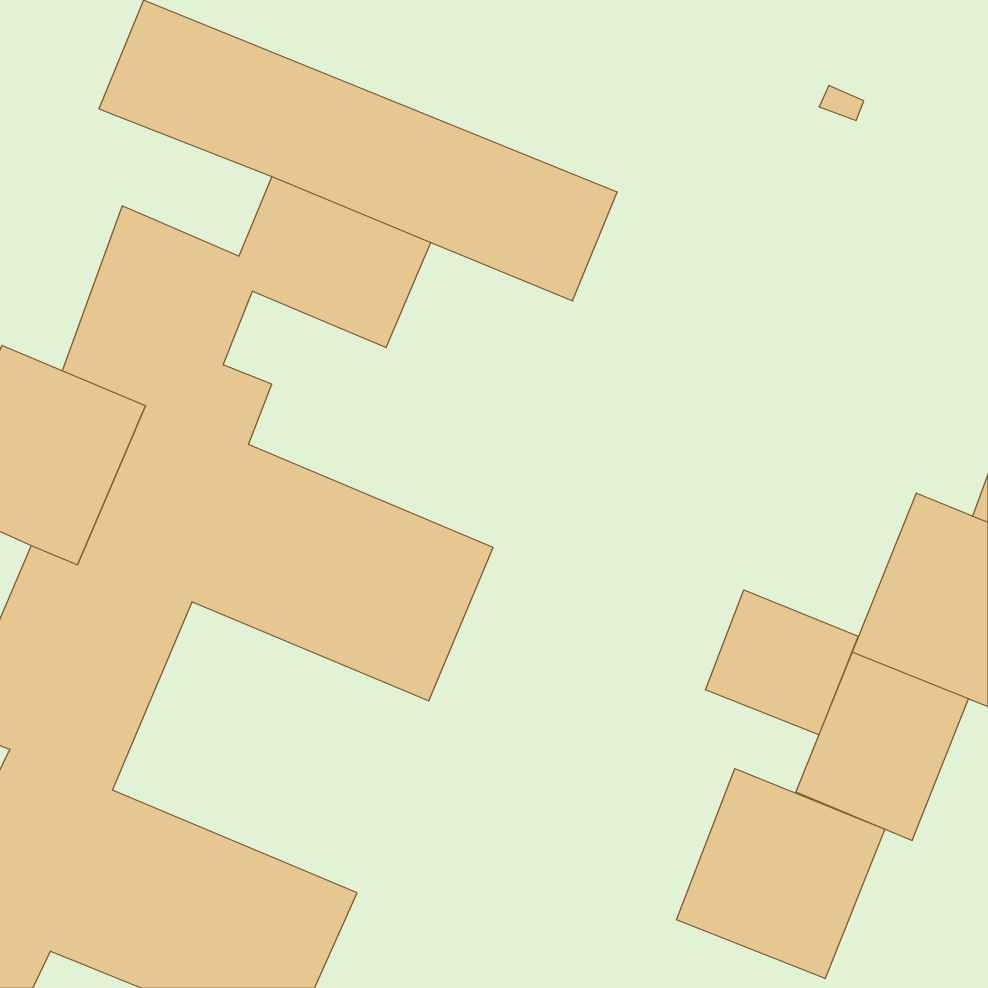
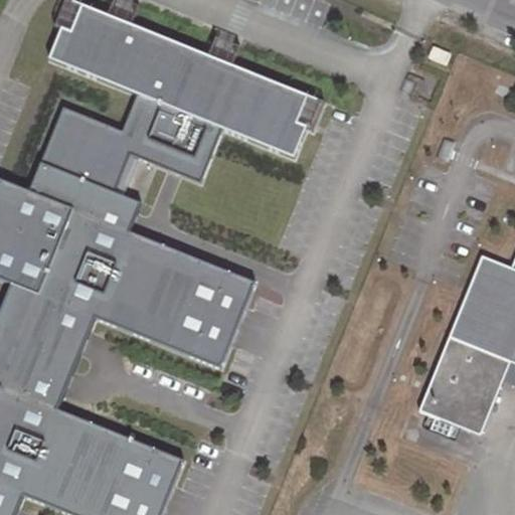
building: [705,590,858,735] -> none
building: [677,769,885,979] -> none

